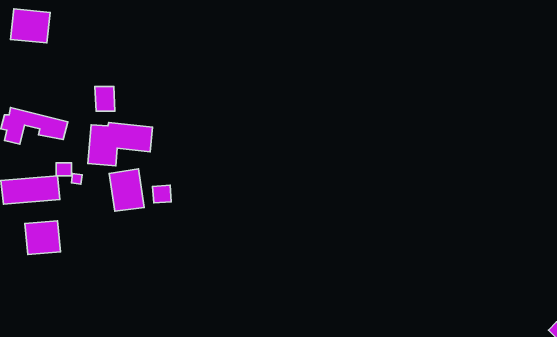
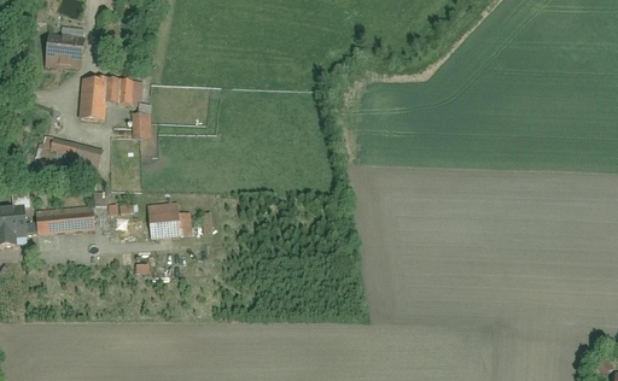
building: [88,122,152,166] -> [77,76,144,121]
building: [25,221,61,254] -> none

